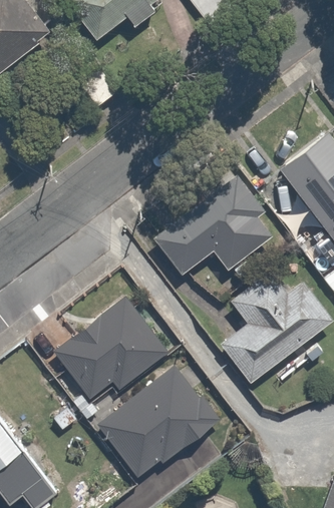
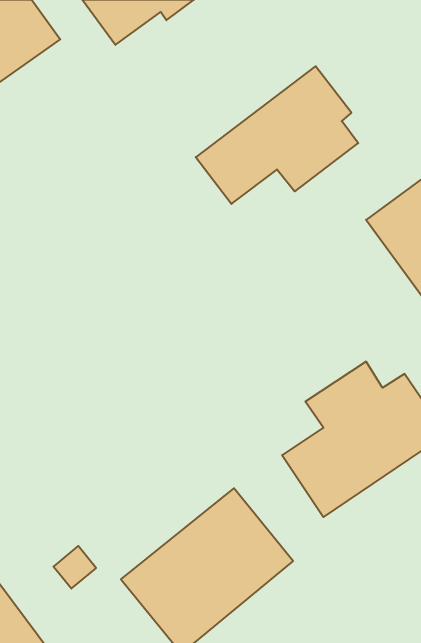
building: [150,175,269,276] -> [196,66,358,204]
building: [58,295,175,396] -> none

